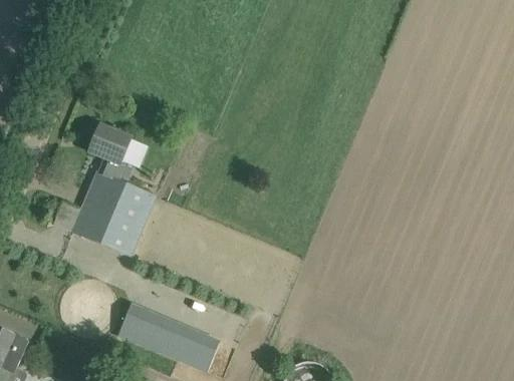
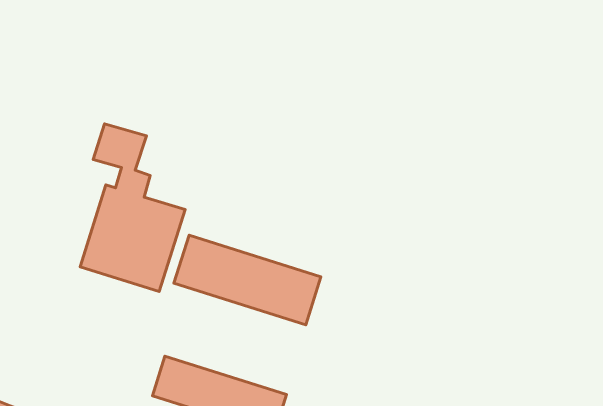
building: none -> [174,235,321,325]

